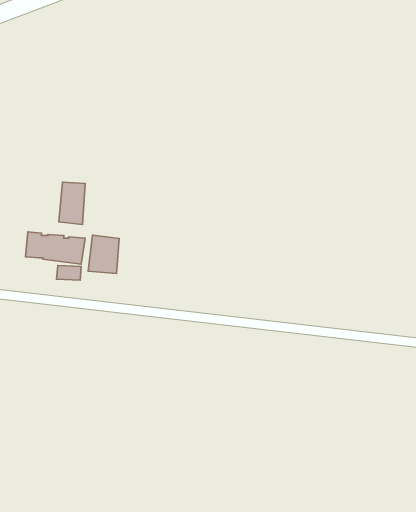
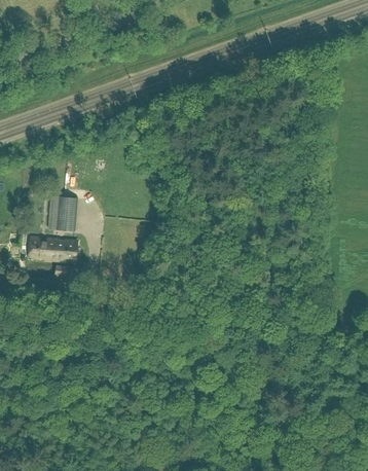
building: [88,235,119,273] -> none

